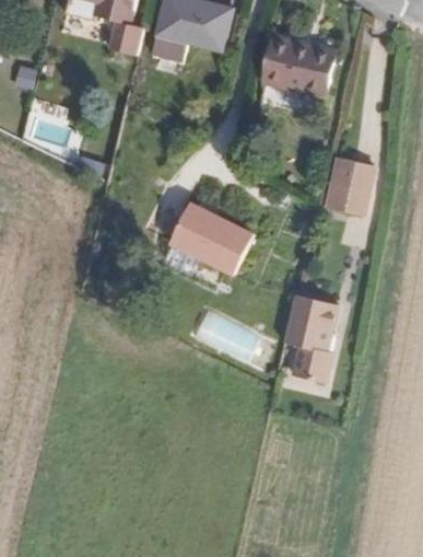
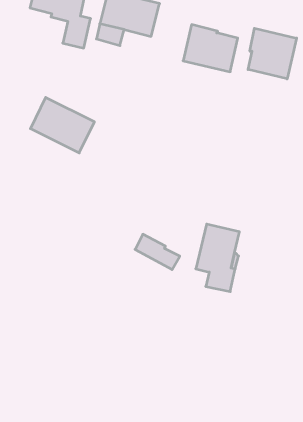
building: none -> [248,28,297,79]
building: [327,156,373,214] -> none
building: [169,201,252,274] -> [30,97,94,153]

